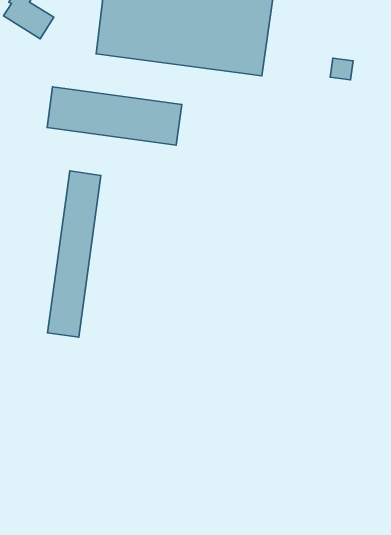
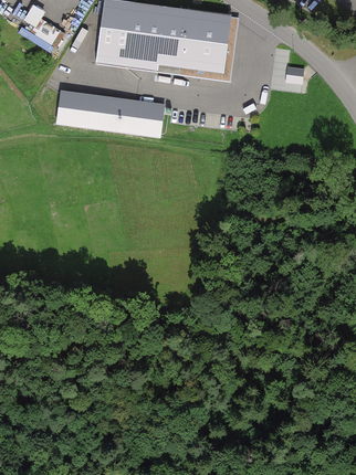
building: [48,171,101,337] -> none

